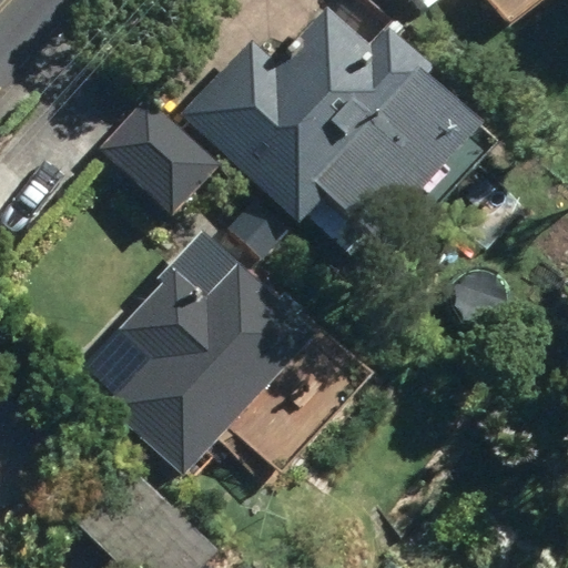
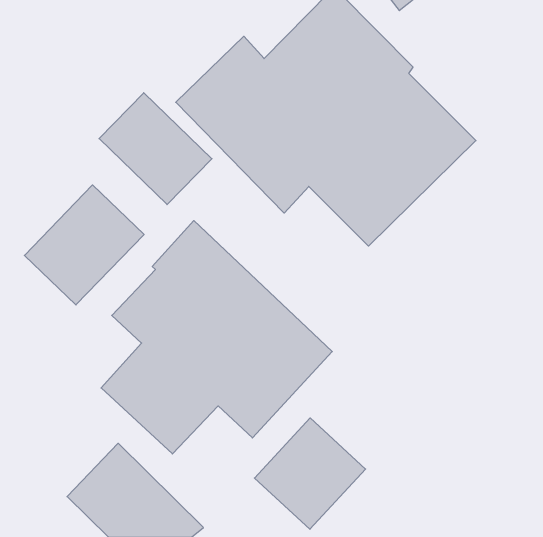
building: none -> [24,185,144,305]
building: none -> [254,418,366,529]

